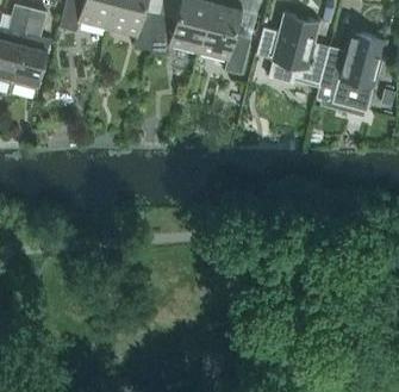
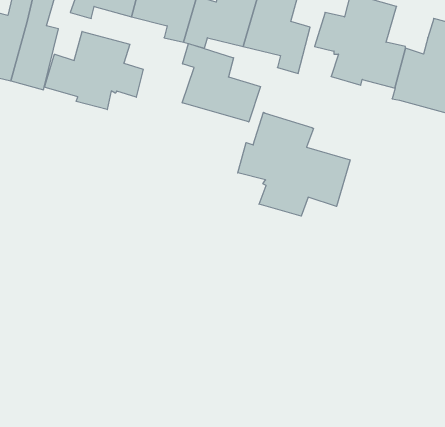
building: none -> [44,31,143,110]
building: none -> [182,44,261,122]
building: none -> [238,112,350,216]

